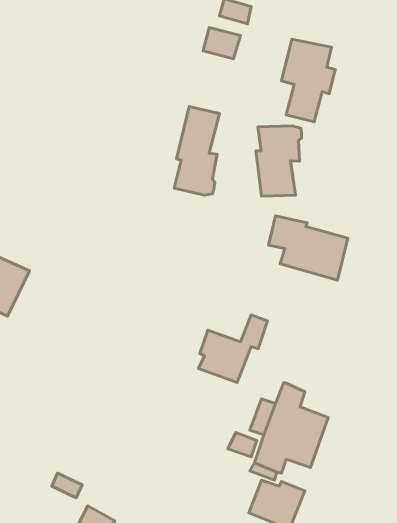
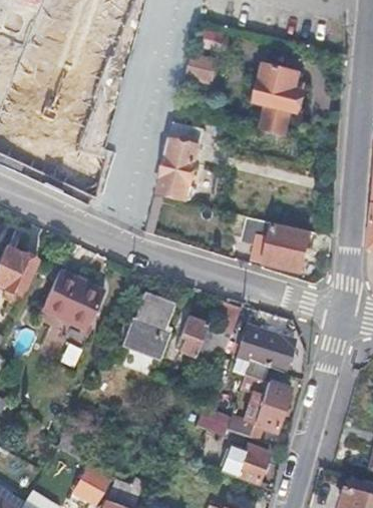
building: [256,126,301,196] -> none
building: none -> [37,273,102,335]
building: none -> [123,296,175,358]
building: none -> [243,326,296,375]

